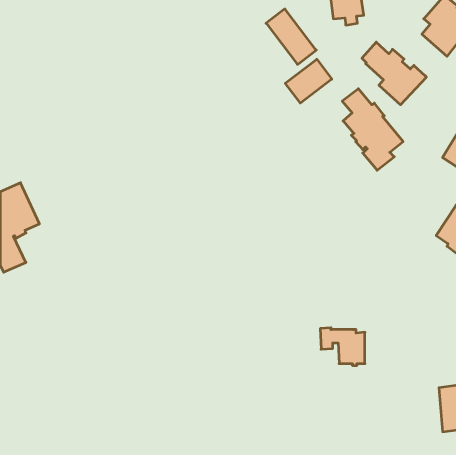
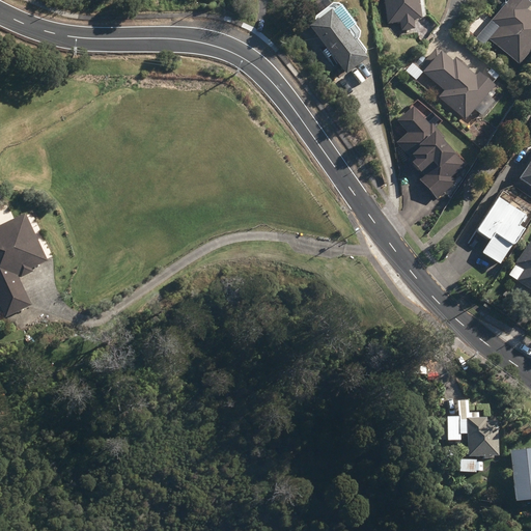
building: [285,59,332,103] -> none
building: none -> [478,197,525,261]
building: [320,328,365,365] -> [446,414,498,457]

